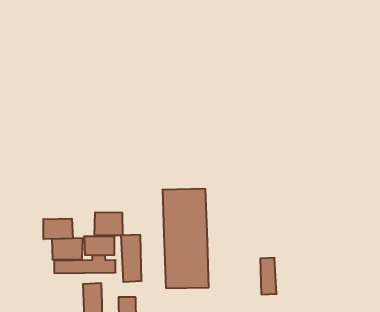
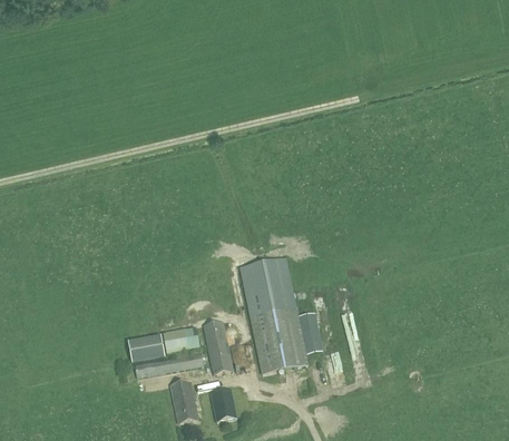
building: [95,212,123,236] -> none
building: [43,219,73,239] -> none
building: [260,258,277,294] -> [297,310,322,352]

